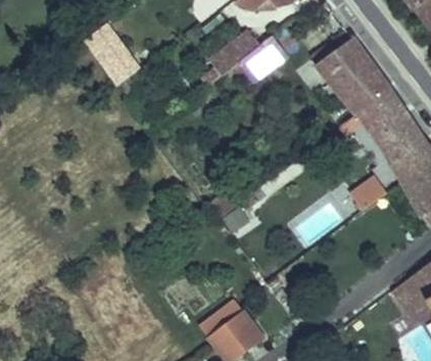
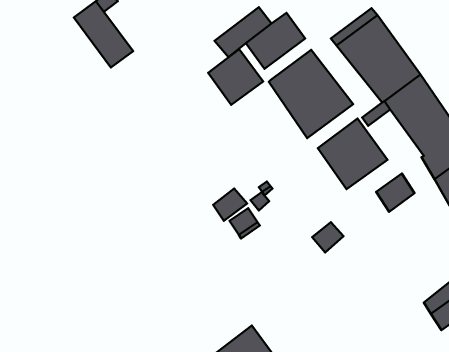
building: none -> [208,49,263,105]
building: none -> [269,50,353,138]
building: none -> [318,119,387,189]

